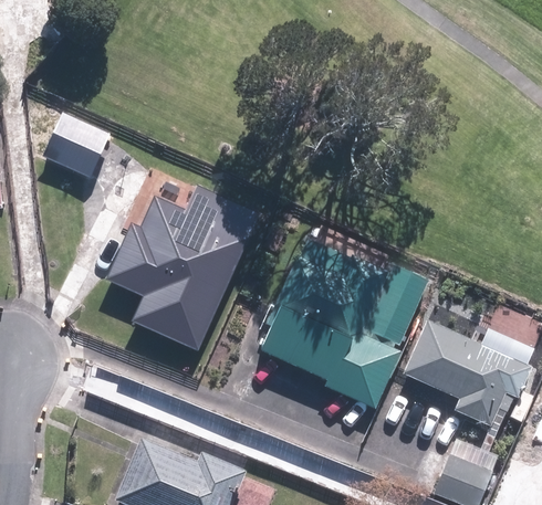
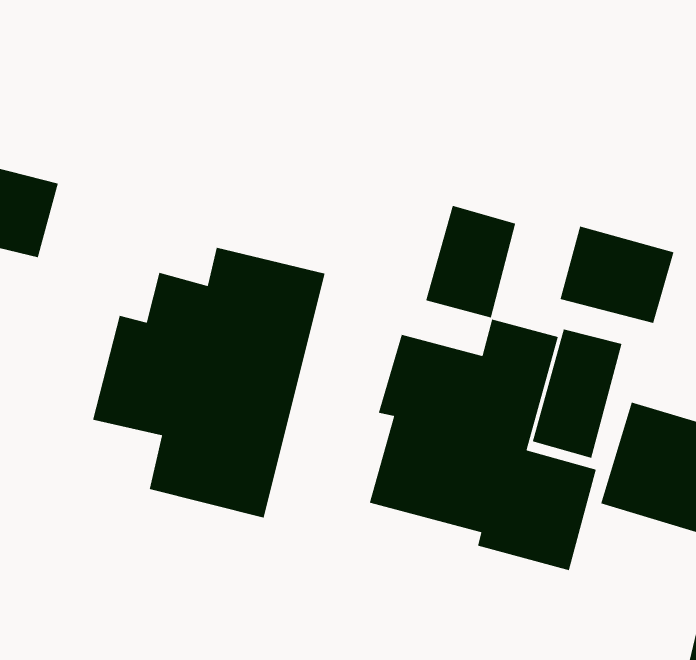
building: none -> [425,205,516,319]
building: none -> [560,225,674,324]

